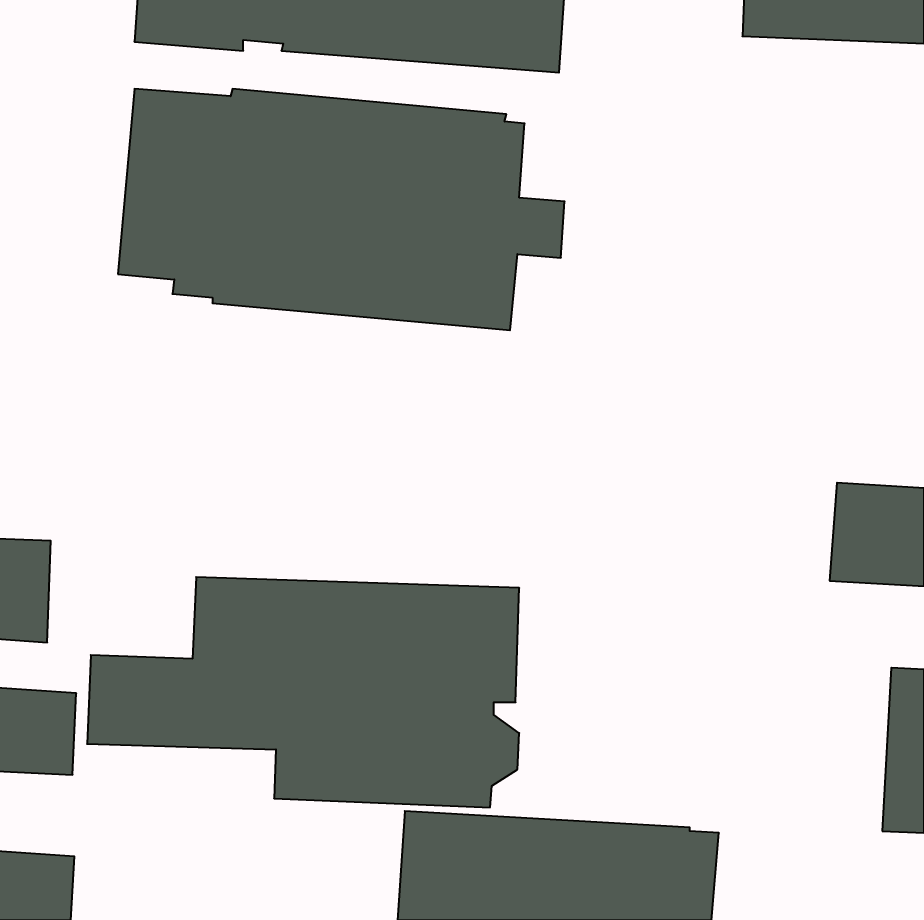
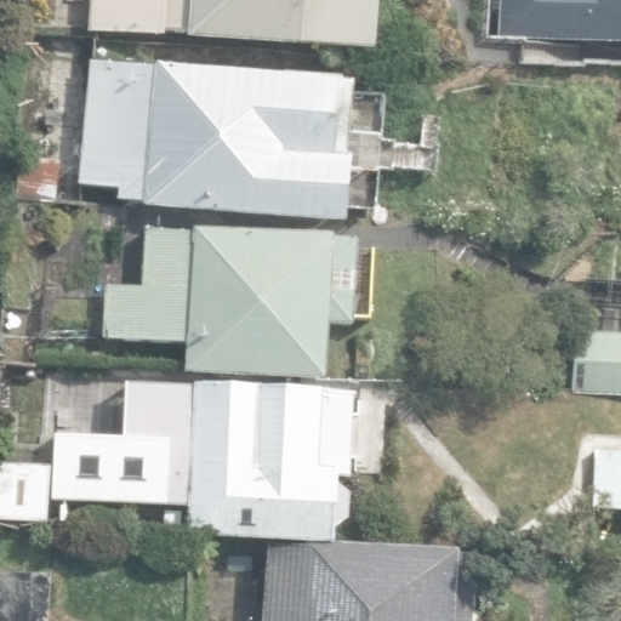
building: none -> [103,227,355,377]

